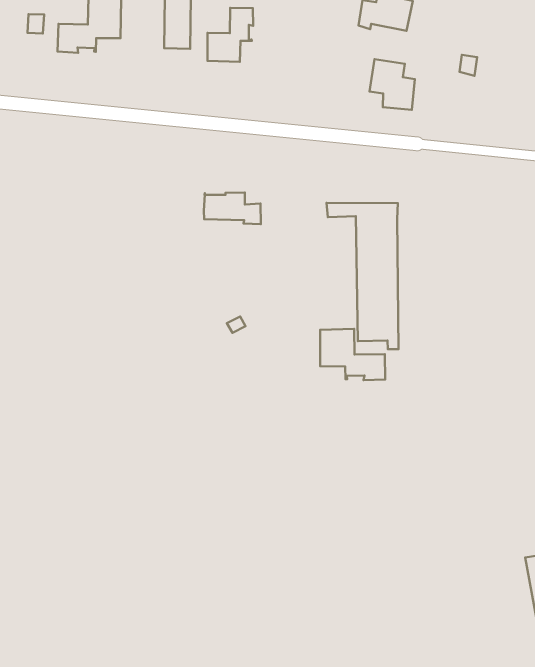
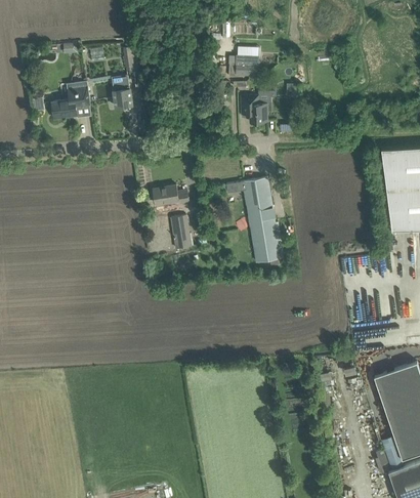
building: [208,8,253,62] -> none
building: none -> [171,216,193,250]
building: [320,329,385,380] -> none

